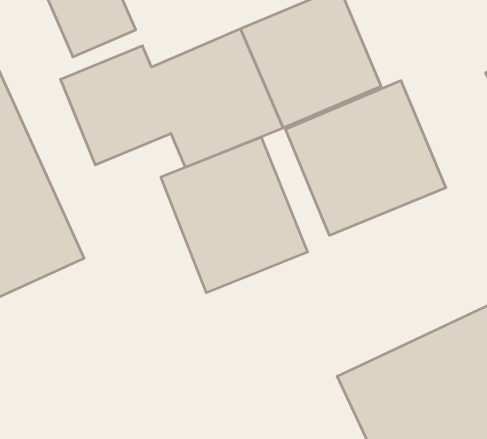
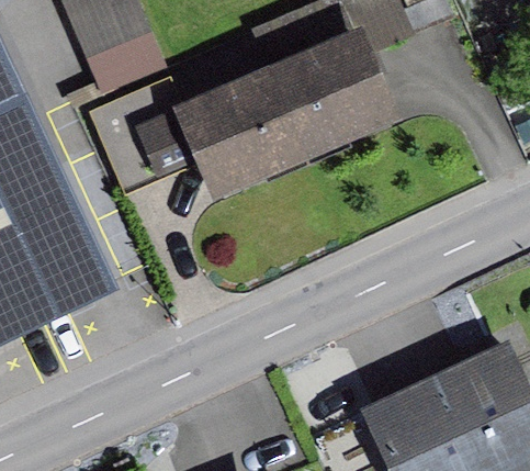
building: [285,81,446,235] -> none
building: [161,137,308,293] -> none

